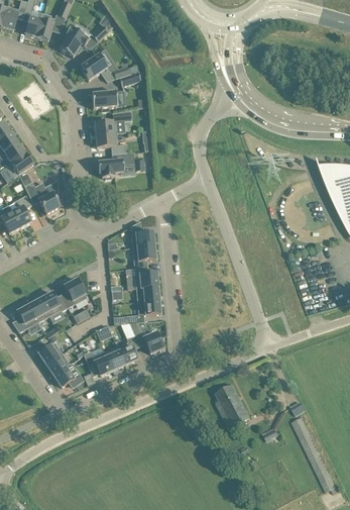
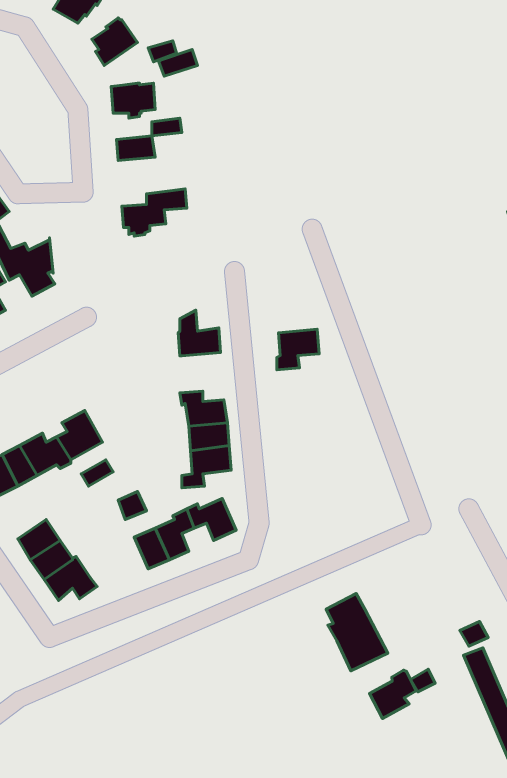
building: [96,132,127,154] -> none
building: [131,244,155,268] -> [277,329,319,370]
building: [85,350,113,375] -> none
building: none -> [370,670,416,718]

